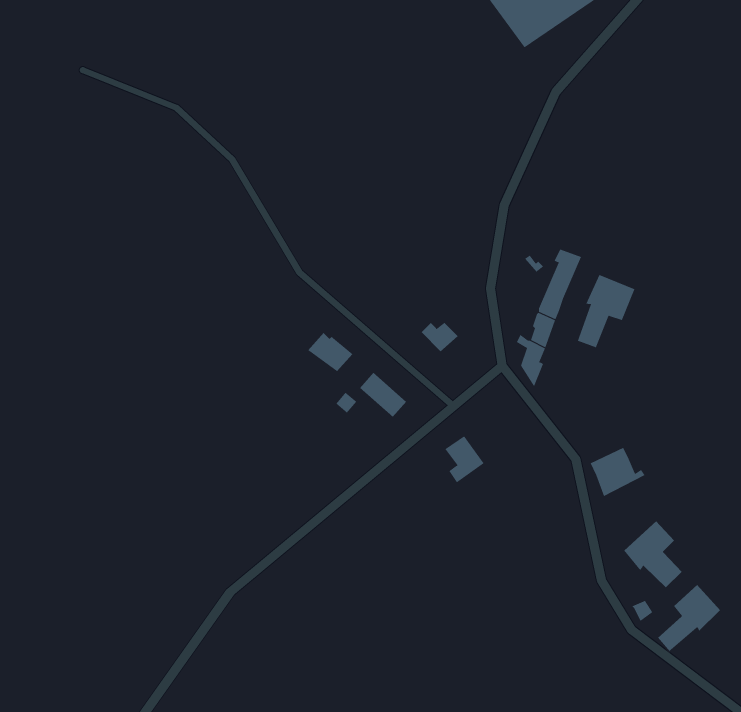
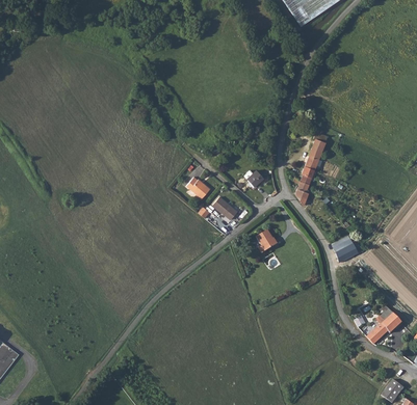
building: [577,274,635,348] -> none
building: [623,520,682,588] -> none

